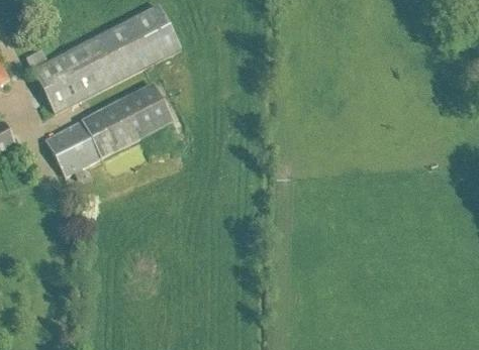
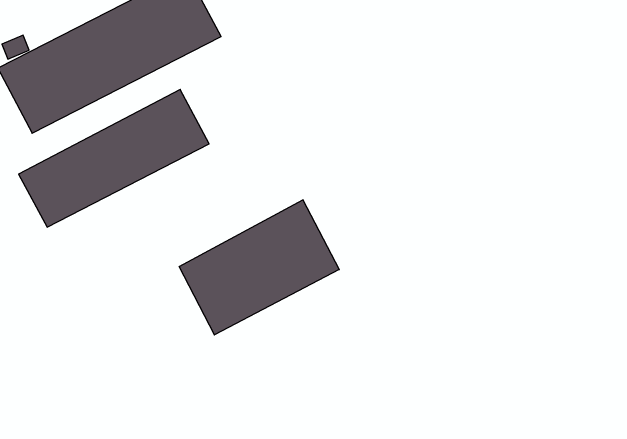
building: none -> [179,200,339,335]

